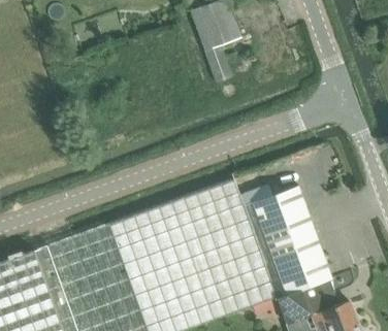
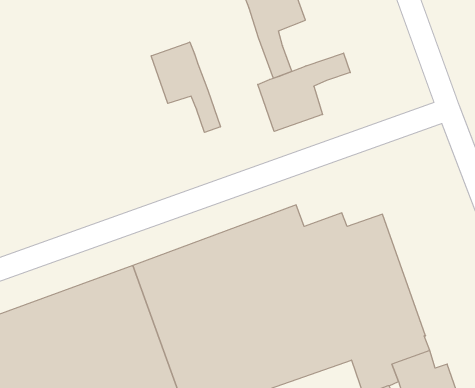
building: none -> [151,42,220,132]
building: none -> [258,53,350,131]

